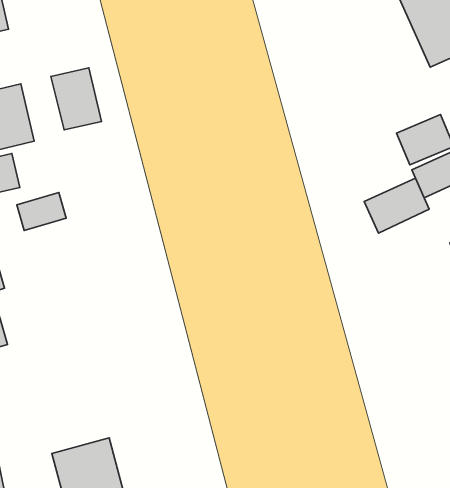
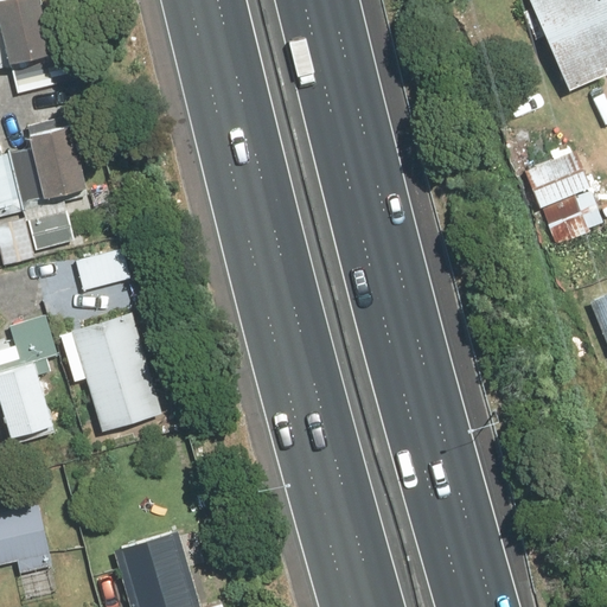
building: [51,68,101,130] -> none
building: [364,178,429,233] -> none
building: none -> [71,312,160,432]

